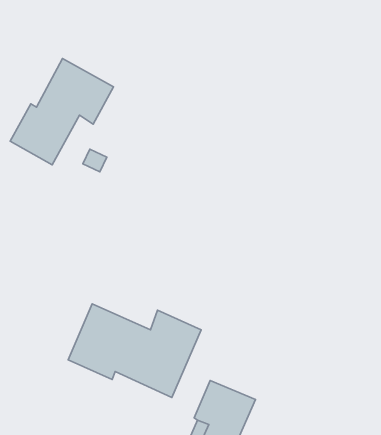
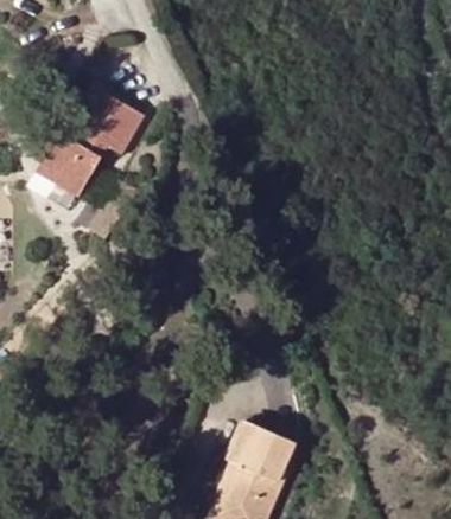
building: [68,304,201,398] -> none

